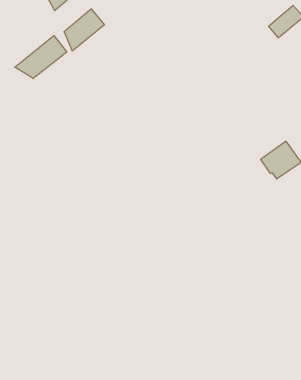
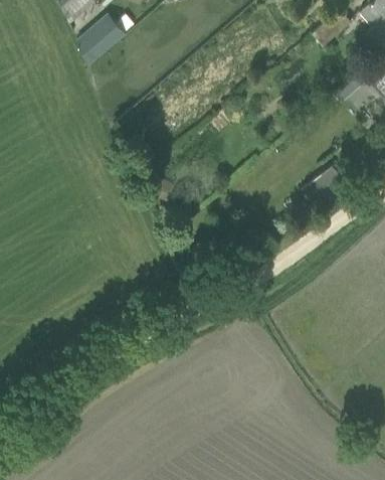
building: [15,36,67,79] -> none

